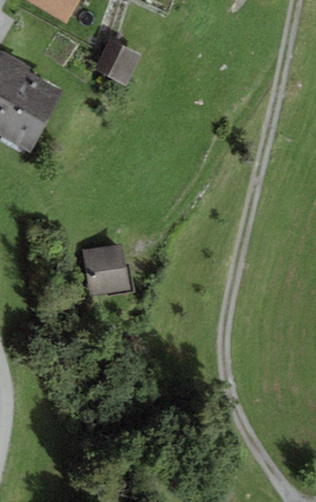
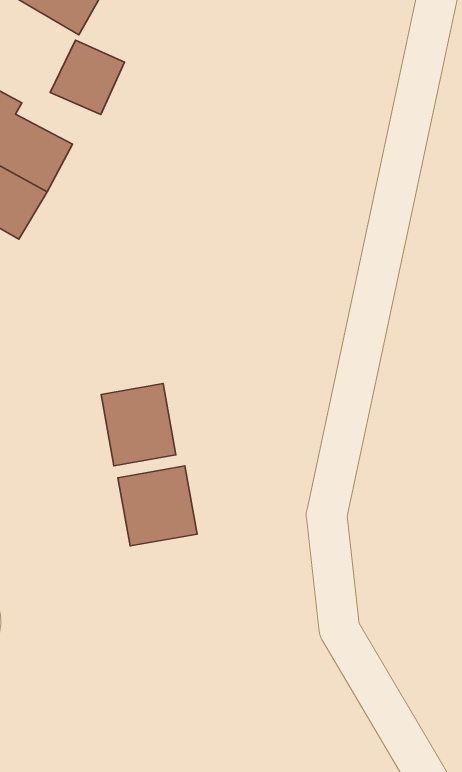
building: [93,39,140,86] -> [50,40,125,115]
building: none -> [118,466,197,546]

